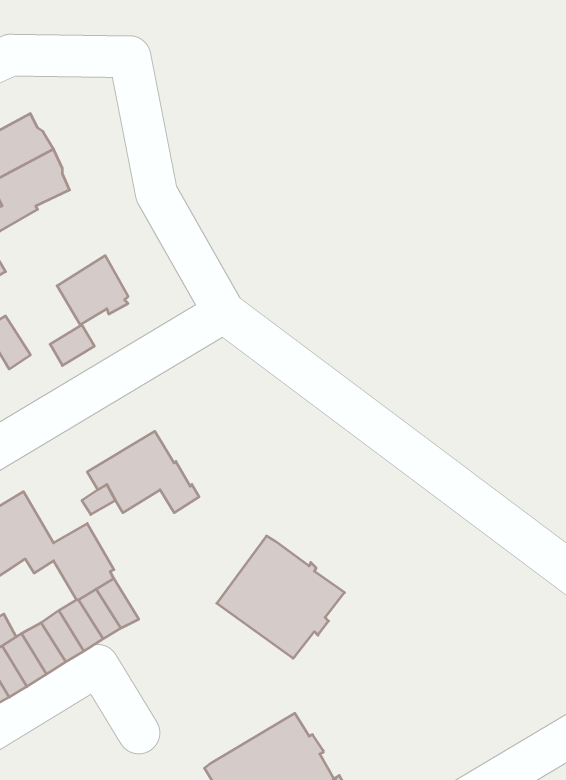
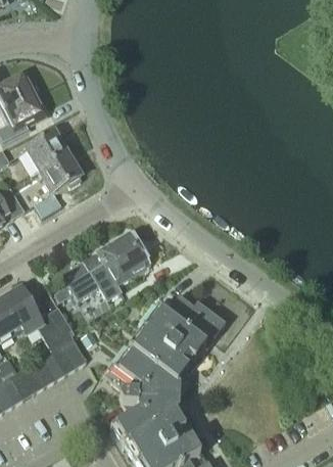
building: none -> [27,131,67,169]
building: none -> [95,230,149,284]
building: none -> [164,296,224,346]
building: none -> [114,352,179,443]

